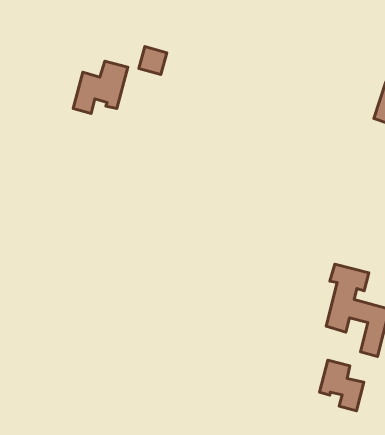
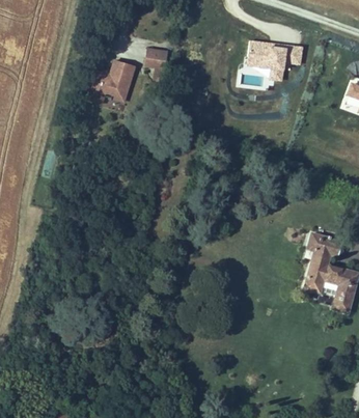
building: none -> [247,43,303,81]
building: [319,360,364,411] -> none

